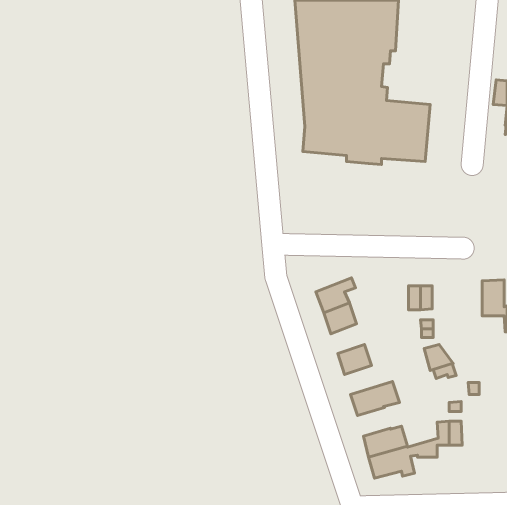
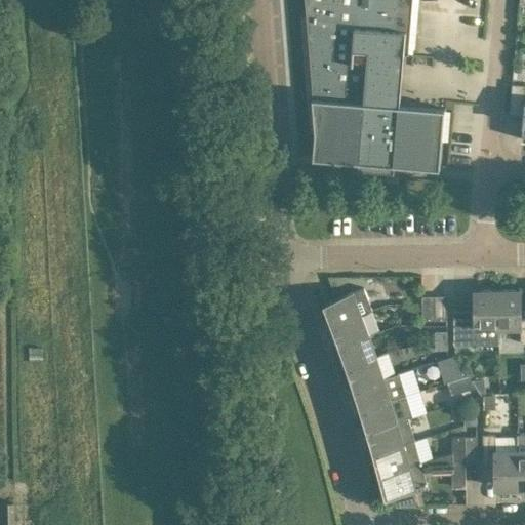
building: none -> [451,293,497,347]
building: none -> [340,337,375,368]
building: none -> [355,375,404,410]
building: none -> [368,419,413,453]
building: none -> [481,437,517,490]

